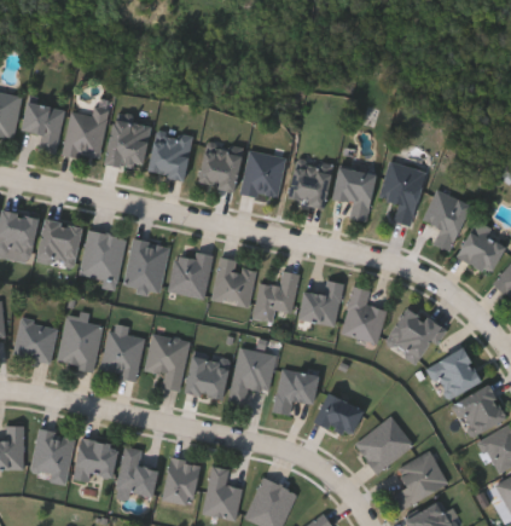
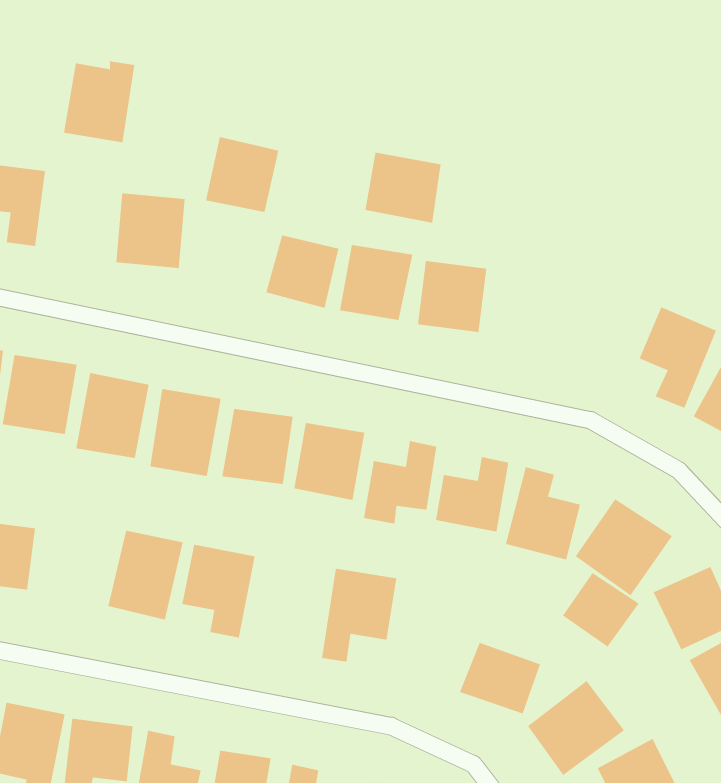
building: none -> [365,152,441,223]
building: [63,110,106,160] -> [63,61,135,143]
building: [146,134,191,180] -> [205,137,279,213]
building: [379,162,424,226] -> none
building: [331,167,374,221] -> none
building: [58,318,101,370] -> none
building: none -> [562,572,639,647]
building: [184,356,228,400] -> none
building: [273,369,317,416] -> none

